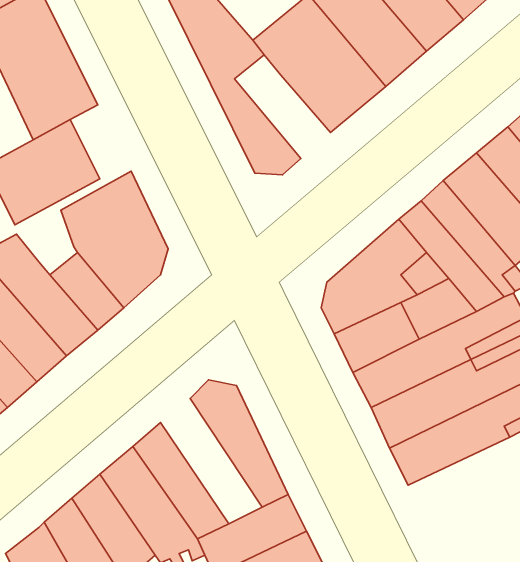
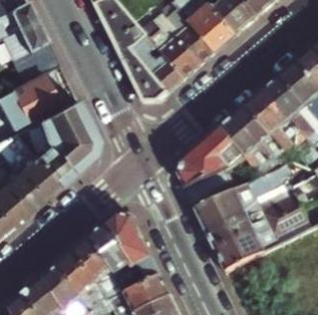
building: none -> [129,37,182,93]
building: none -> [89,224,144,292]

